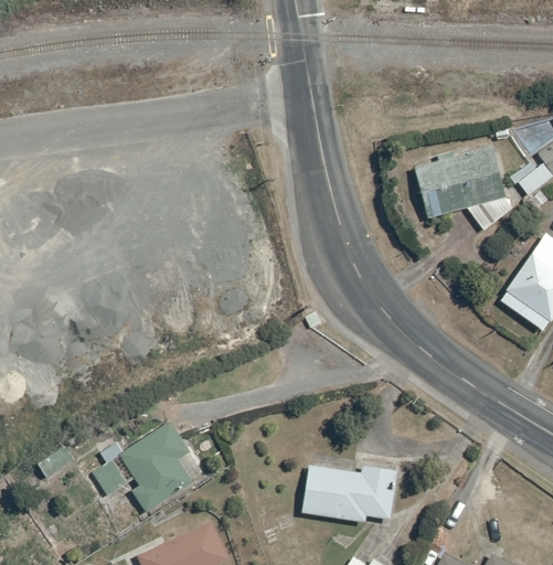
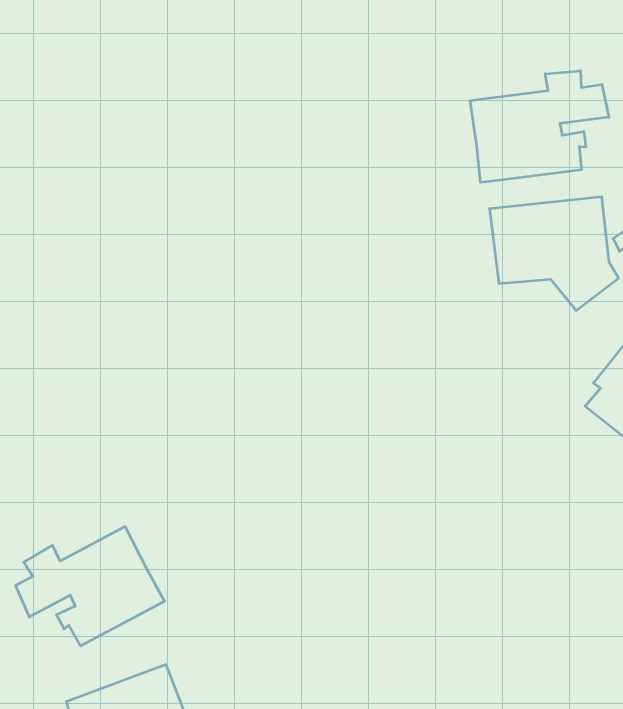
building: none -> [470,71,609,182]
building: [301,457,397,523] -> none

